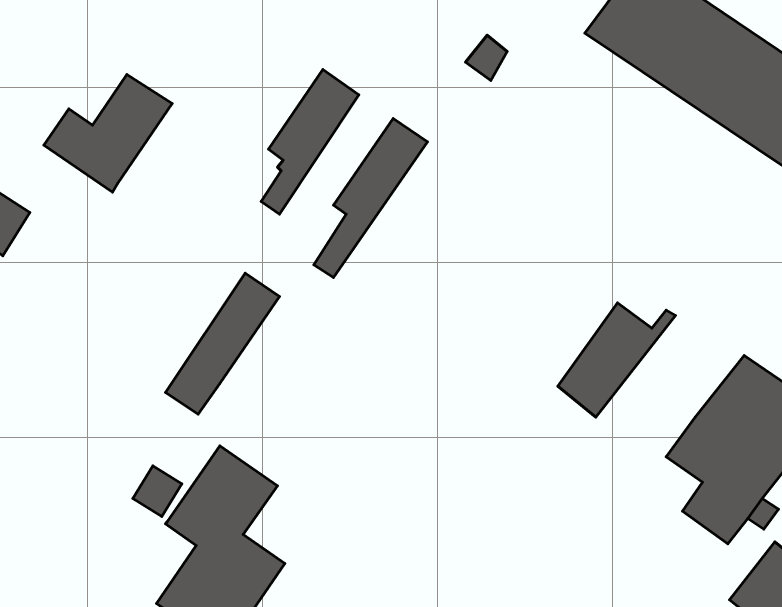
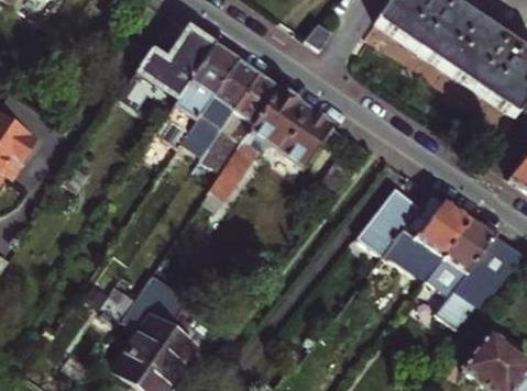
building: [44,74,172,192] -> [136,26,215,98]
building: none -> [209,88,331,198]
building: [166,273,279,414] -> [188,59,257,145]
building: none -> [381,191,471,259]

